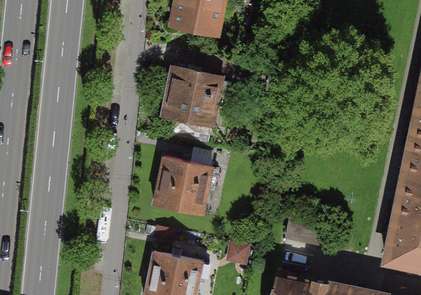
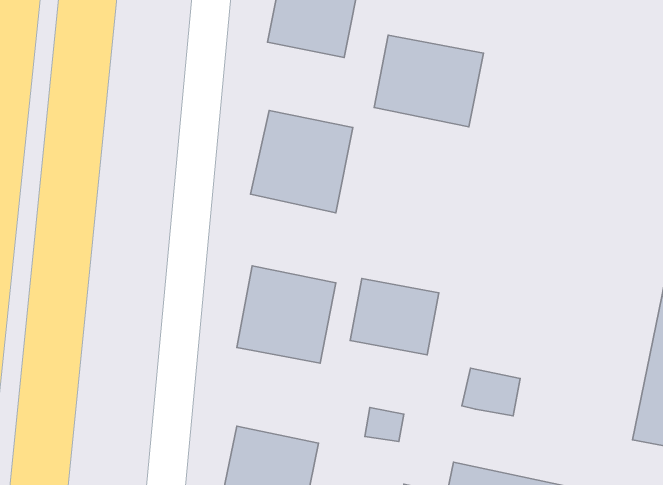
building: none -> [374,35,484,127]
building: none -> [350,279,439,355]

